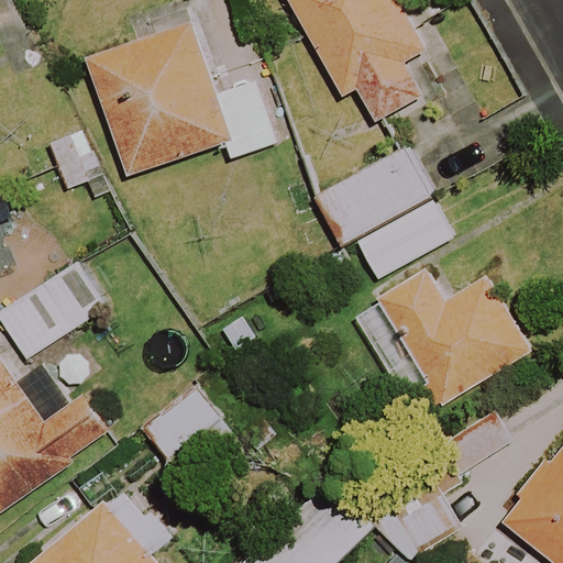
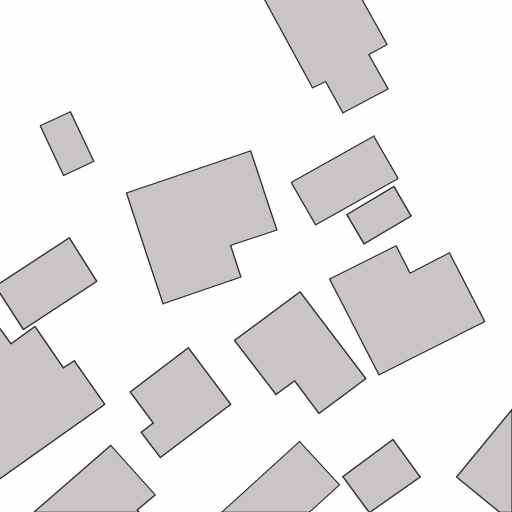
building: [87,23,277,176] -> none
building: none -> [127,151,277,304]
building: none -> [235,292,366,413]

